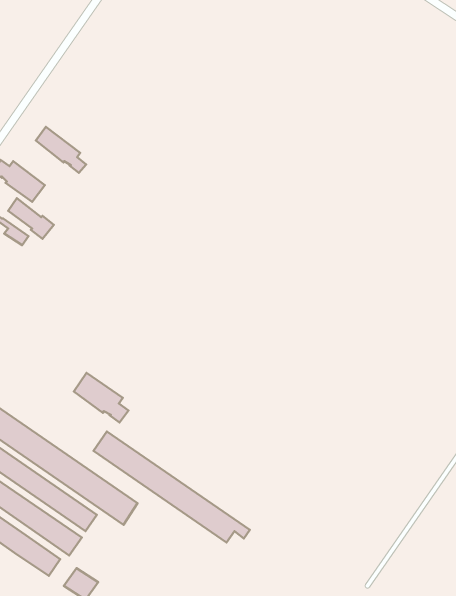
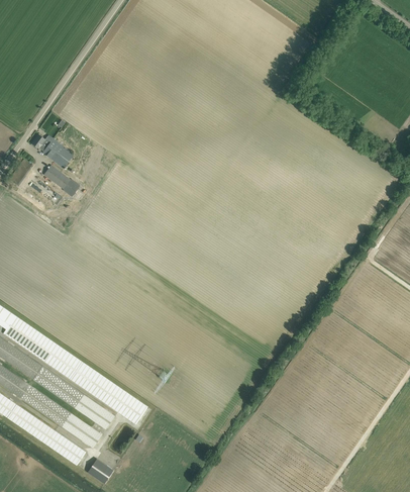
building: [36,127,86,173] -> none
building: [74,373,129,422] -> none
building: [94,431,250,542] -> none

